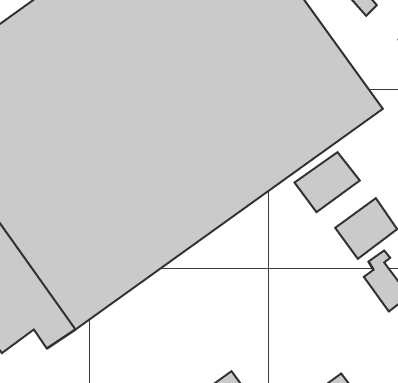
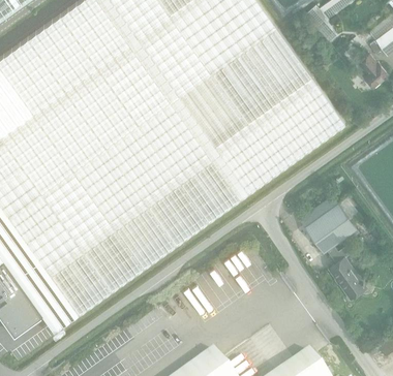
building: [295,152,360,212] -> none

